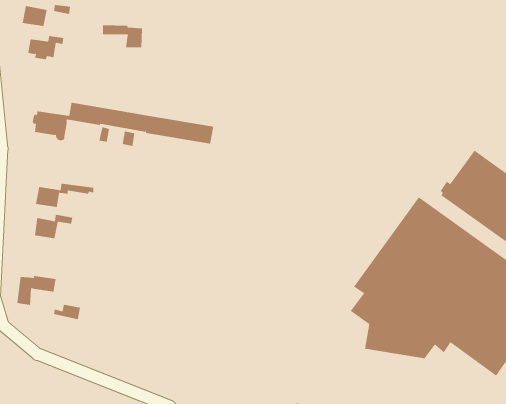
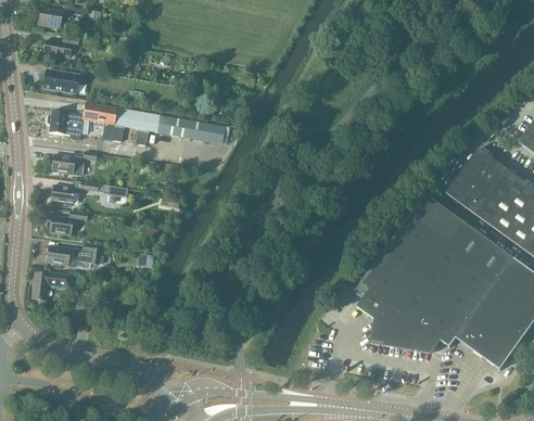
building: [102,25,143,48] -> none
building: none -> [42,69,78,93]
building: none -> [51,154,80,174]
building: none -> [46,243,103,266]

